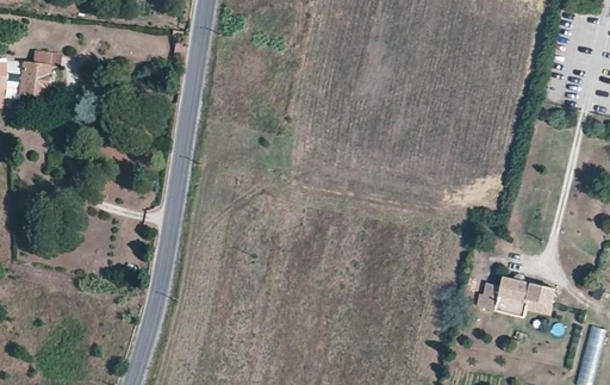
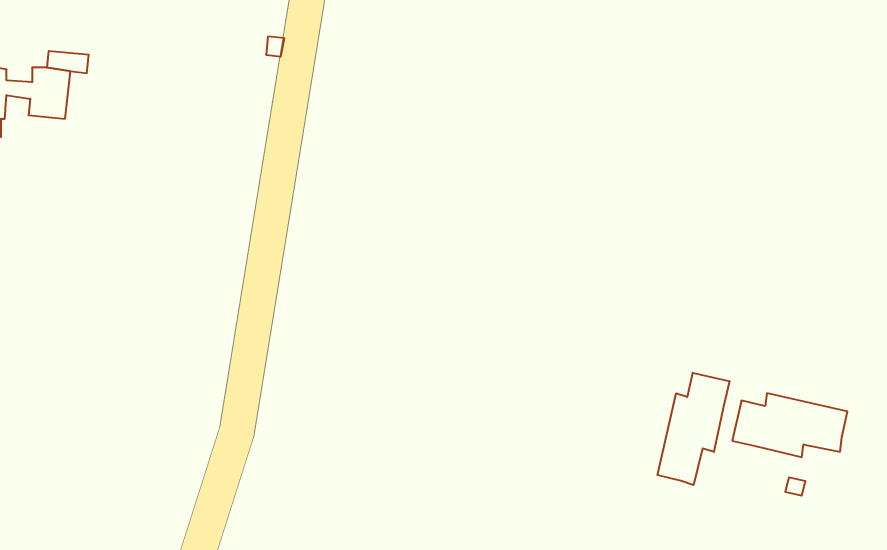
building: none -> [658,373,729,485]

